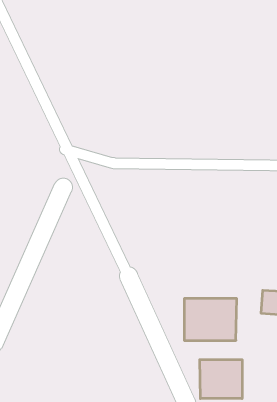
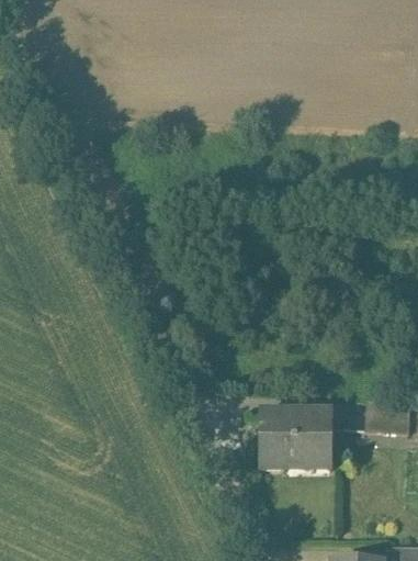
building: [200,360,242,399] -> none

